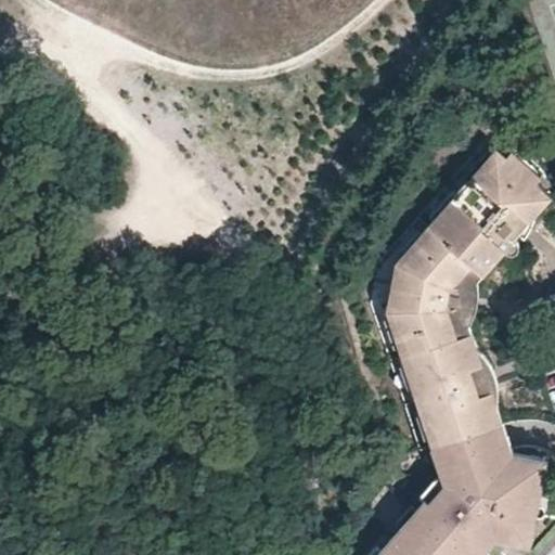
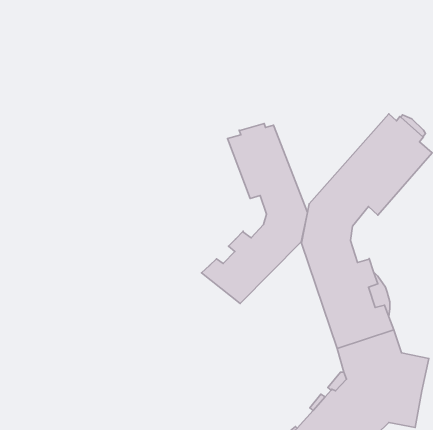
building: none -> [202,123,307,304]
building: [448,269,482,340] -> none

